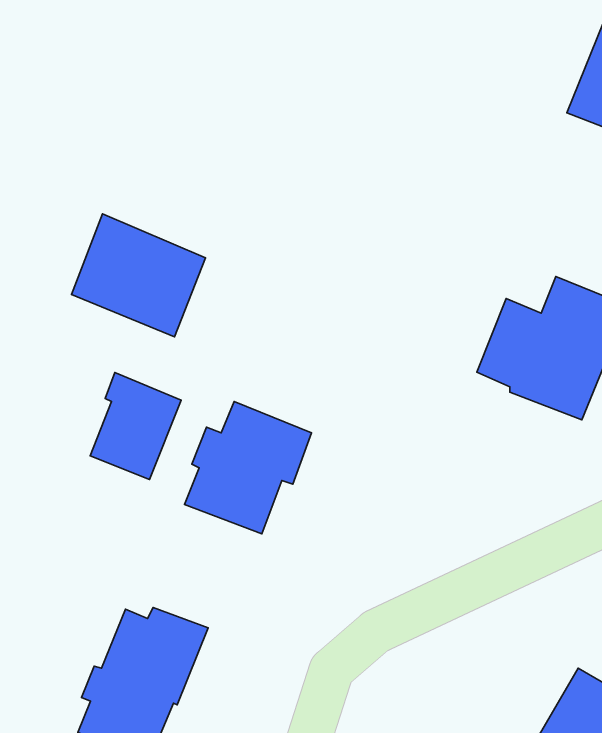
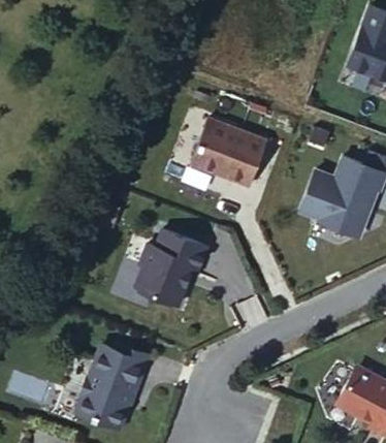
building: [71,214,206,337] -> [190,116,265,185]
building: [90,372,181,479] -> none

